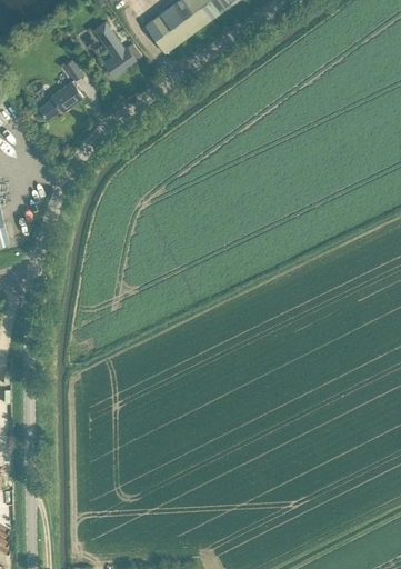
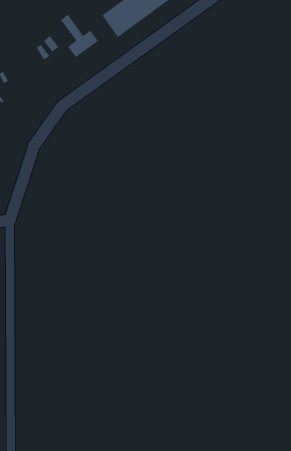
building: [37,83,81,121] -> none

